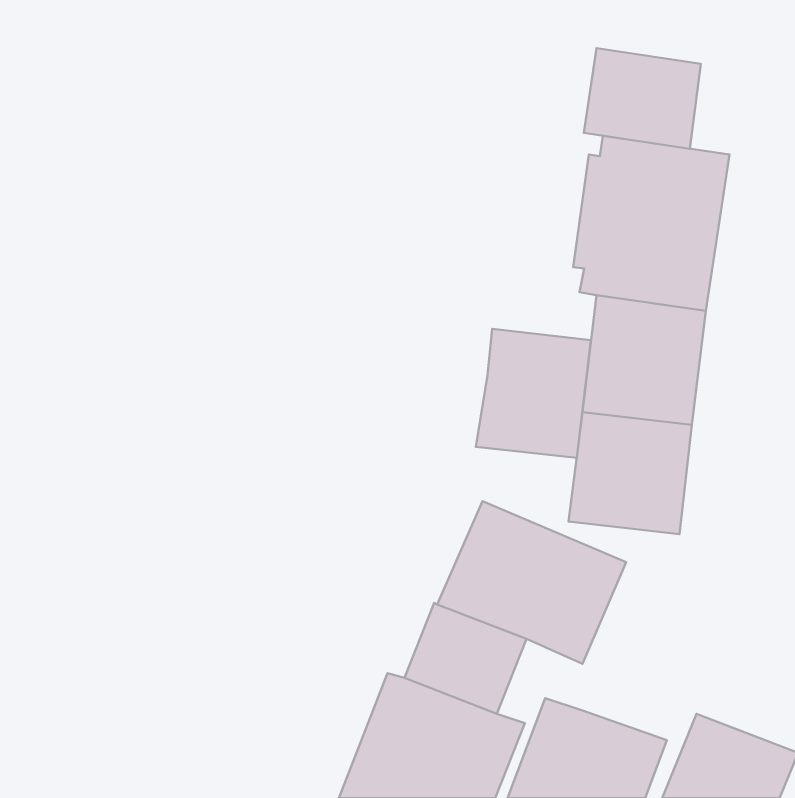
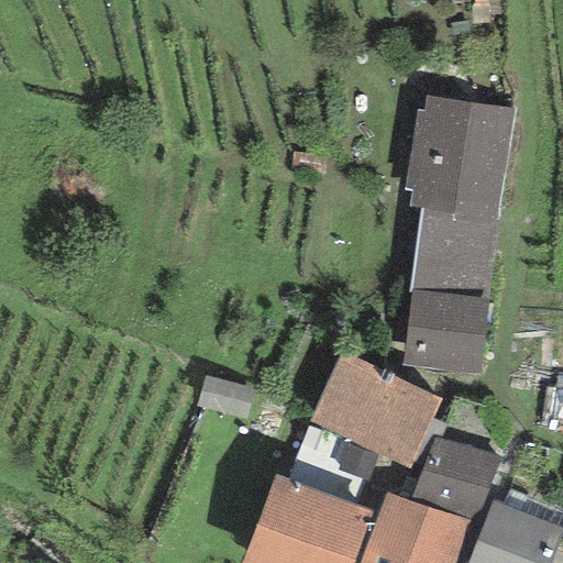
building: [584,48,701,149] -> none
building: [476,329,591,458] -> none
building: none -> [412,438,500,523]

